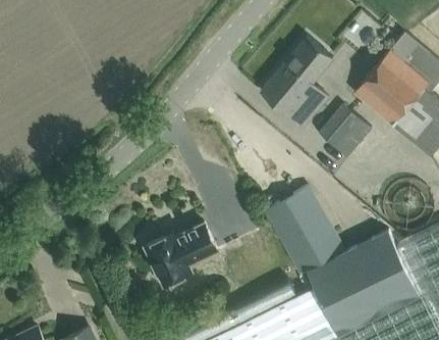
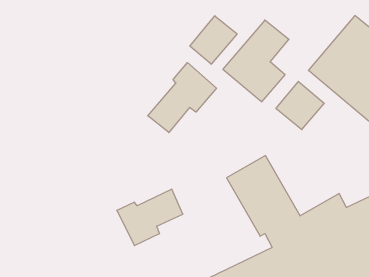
building: none -> [190,16,237,64]
building: none -> [148,63,216,133]

